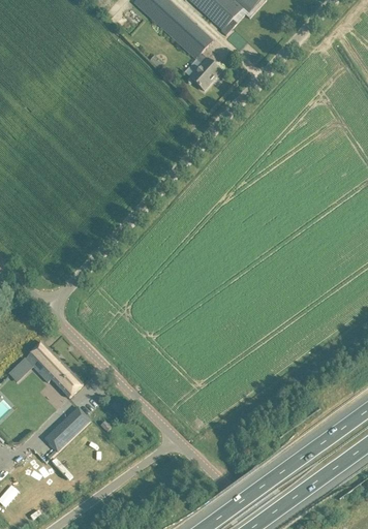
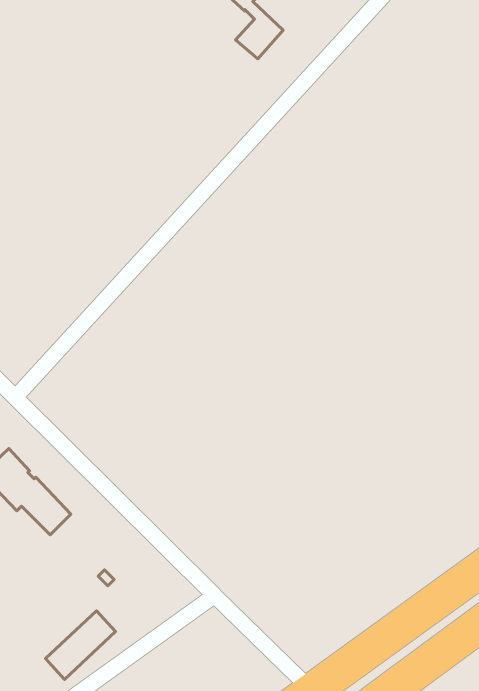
building: [43,406,89,450] -> [45,611,116,679]

